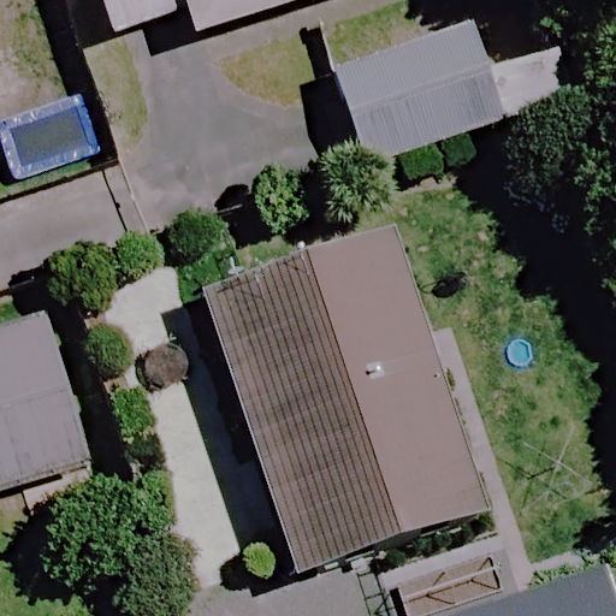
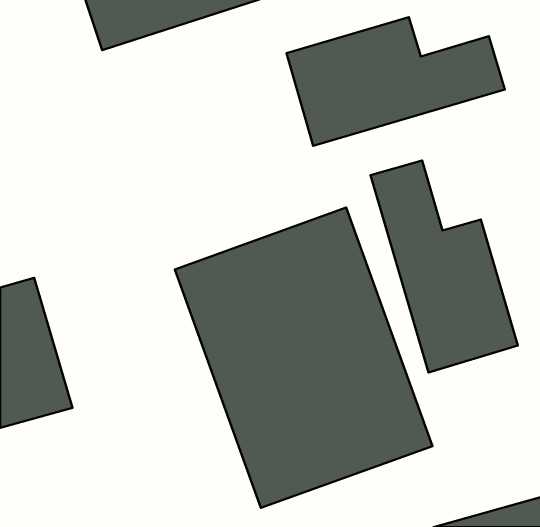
building: none -> [370,160,518,373]

